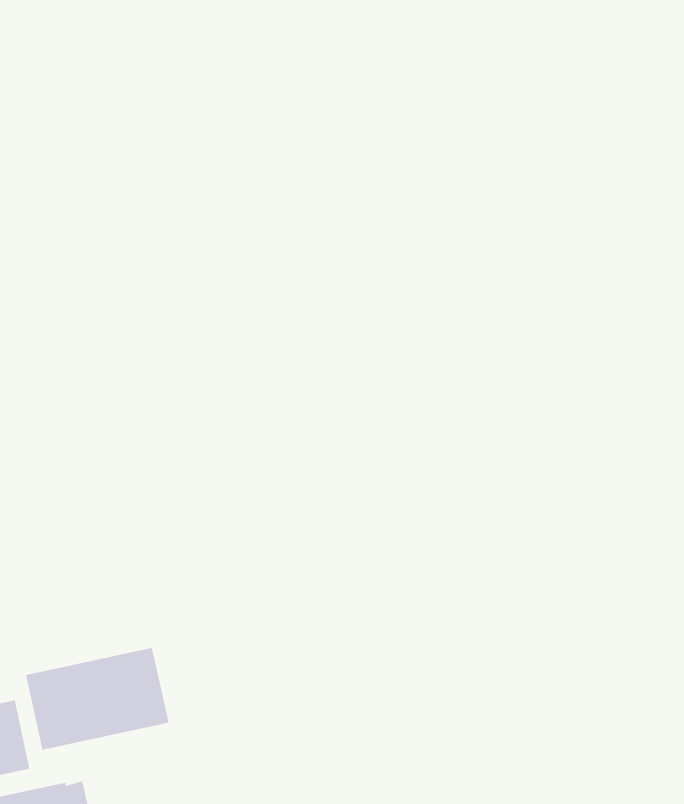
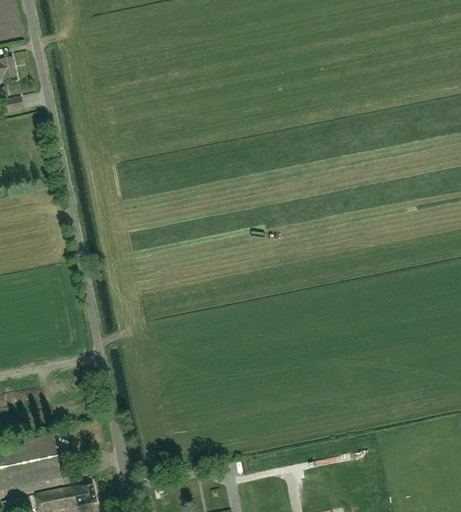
building: [25,647,169,751] -> none

